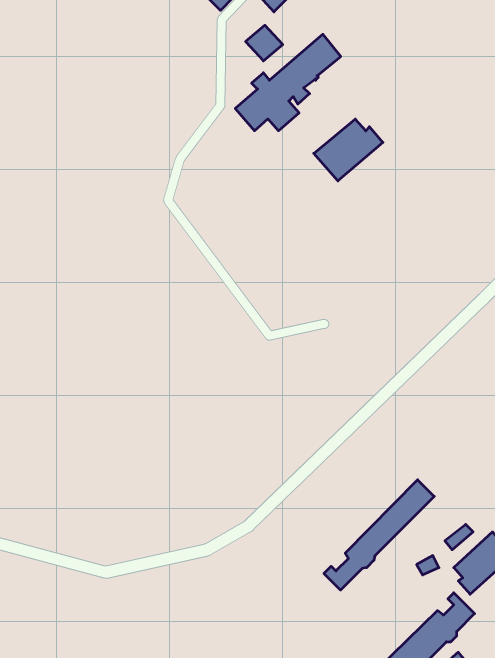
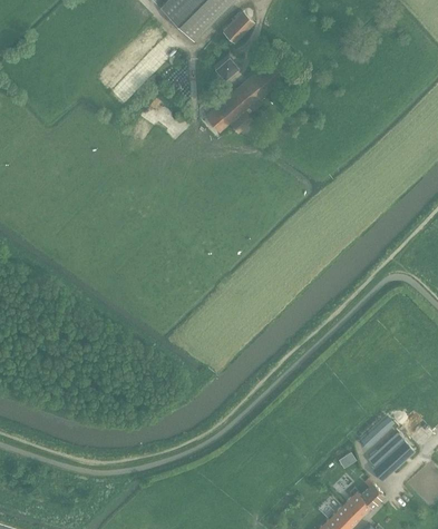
building: [314,119,383,181] -> none
building: [324,480,434,590] -> none

